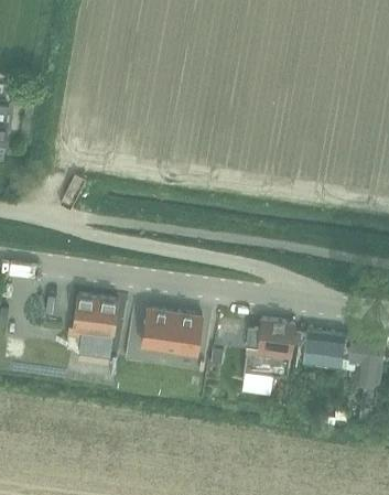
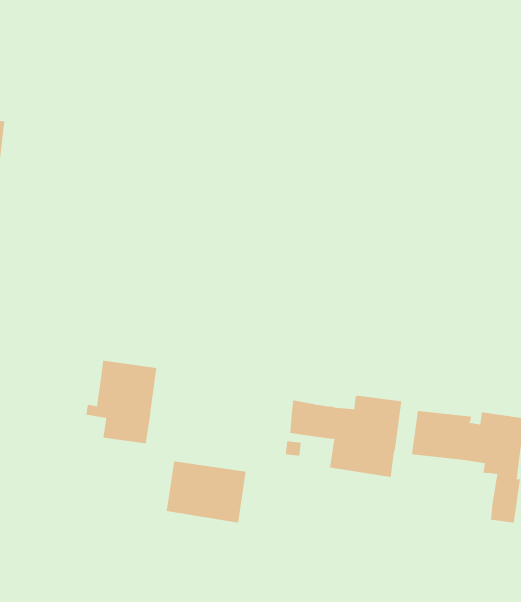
building: [142,309,201,354] -> [166,461,246,523]

